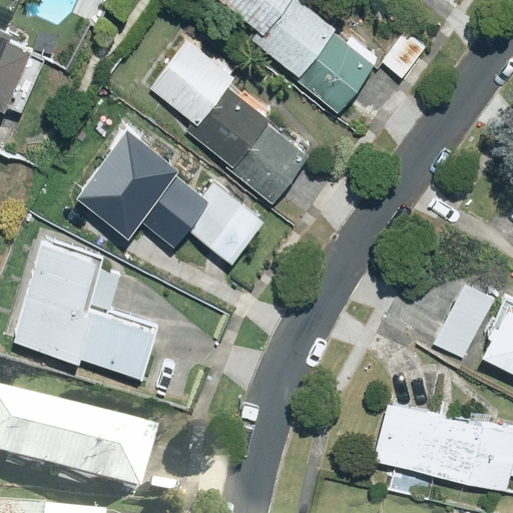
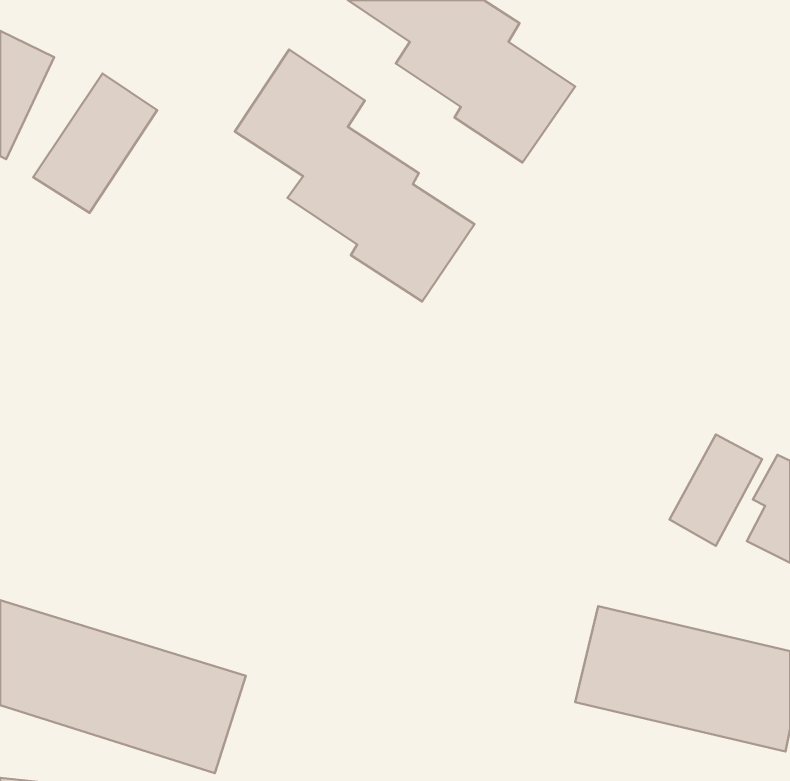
building: none -> [33,74,157,213]
building: [77,124,264,262] -> none
building: [10,238,156,378] -> none

